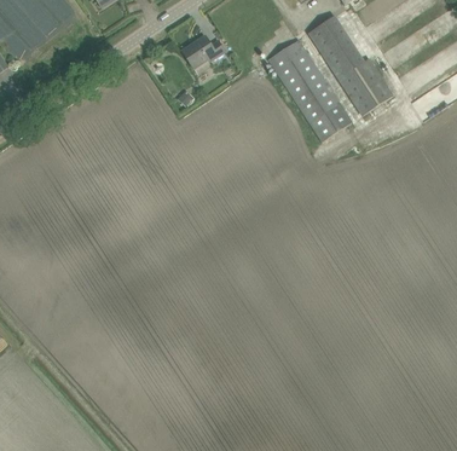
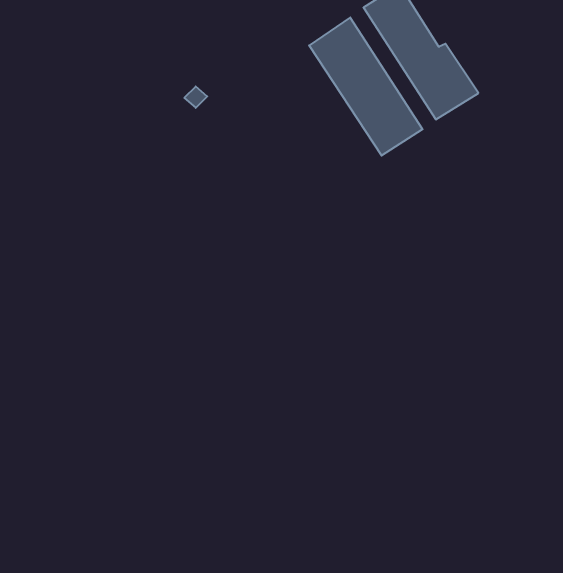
building: [181,35,225,68] -> none

